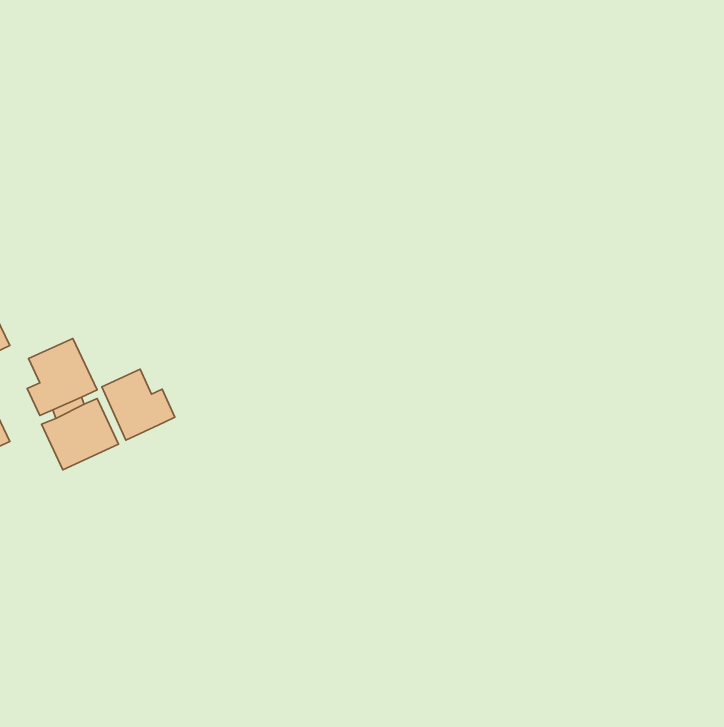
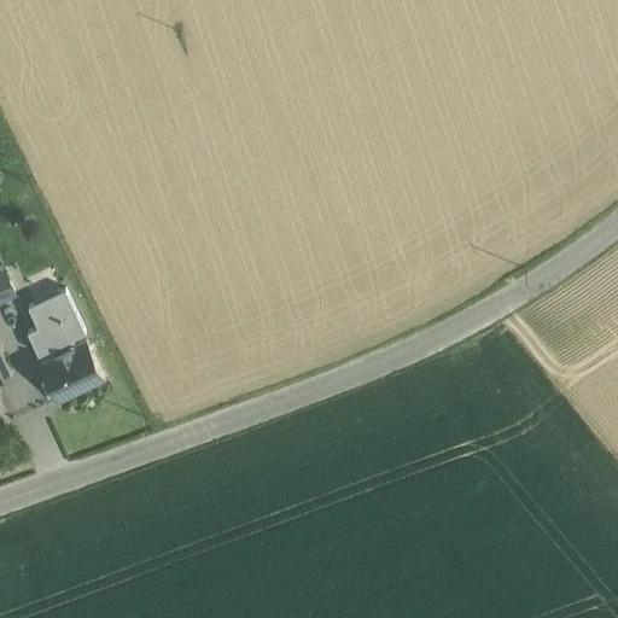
building: [102,369,175,440] -> none

